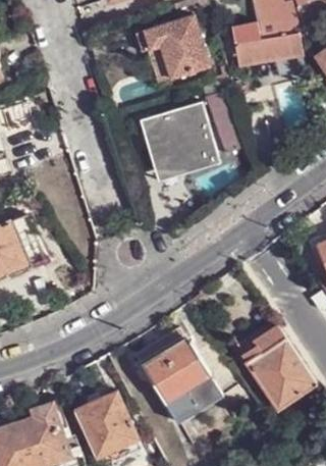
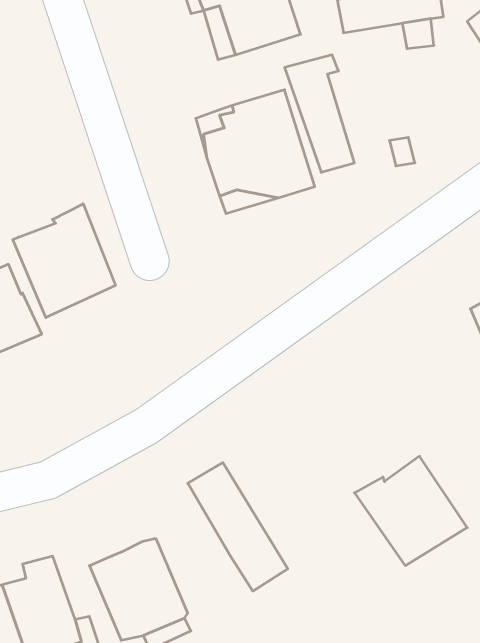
building: none -> [13,204,115,318]
building: [159,327,223,410] -> none

